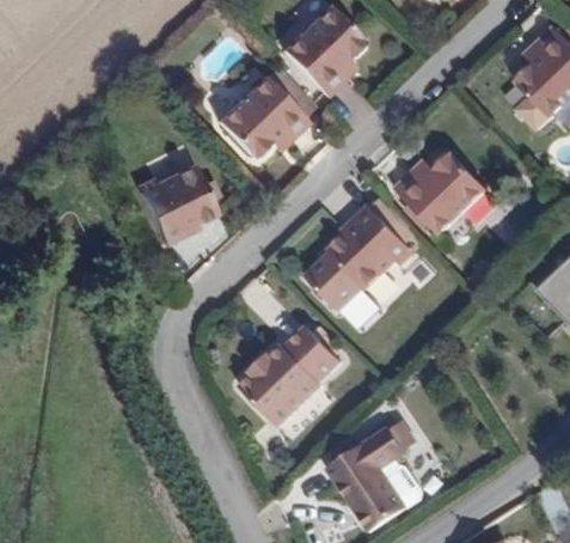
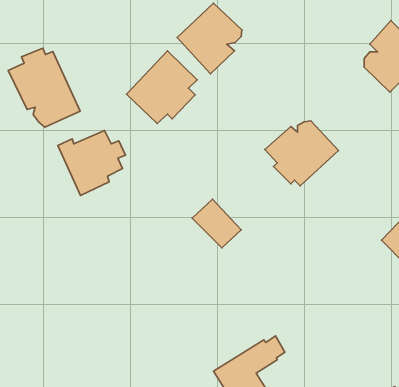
building: none -> [8,48,80,127]
building: [326,205,410,288] -> none
building: [238,325,339,425] -> none

